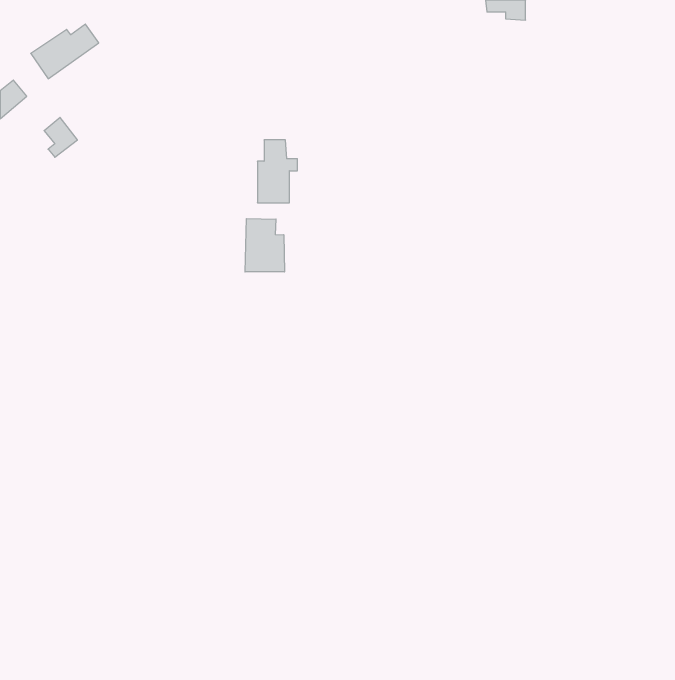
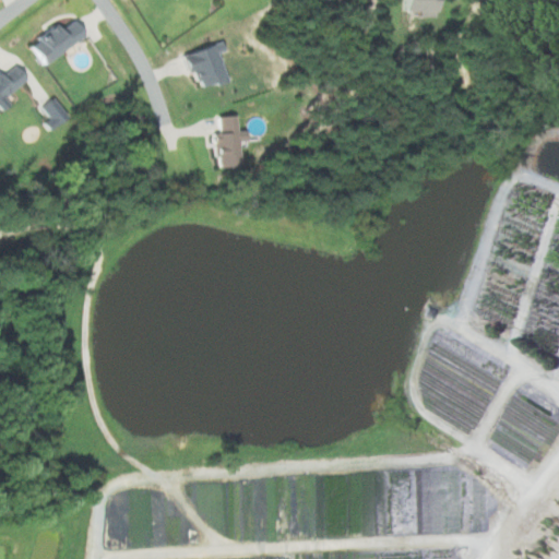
building: none -> [183,41,229,86]
building: [245,219,284,272] -> none

